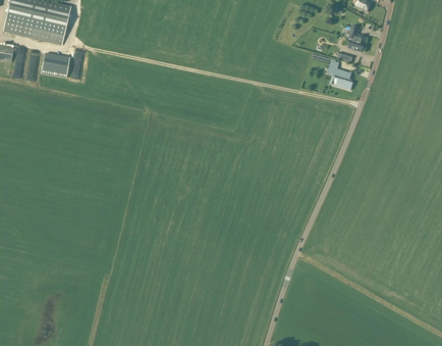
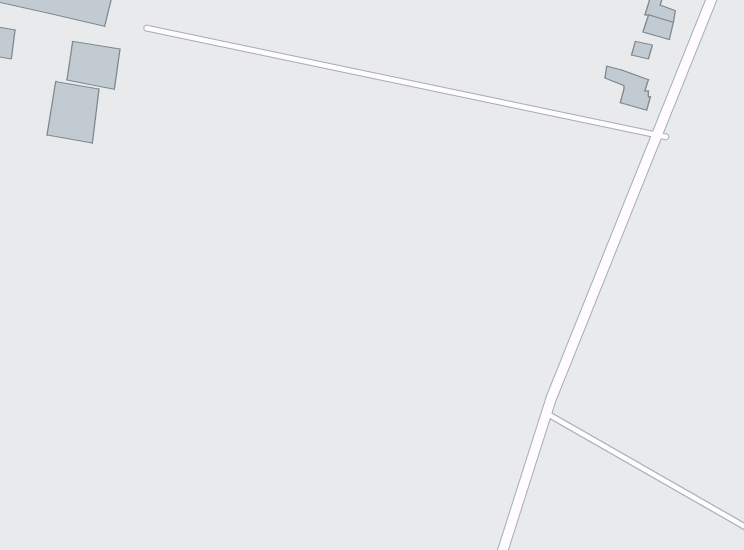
building: none -> [47,81,99,143]

